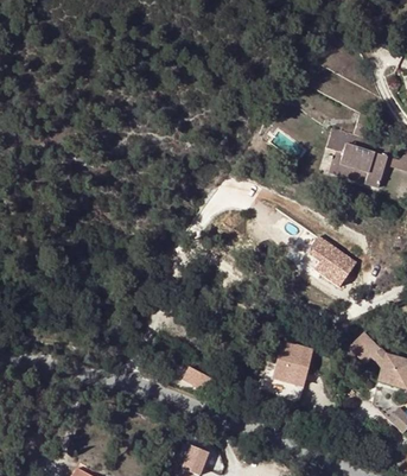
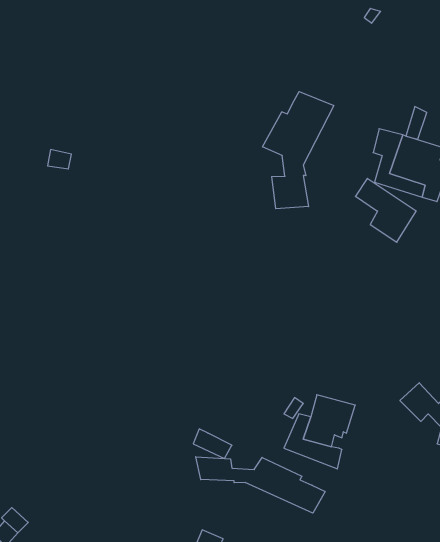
building: none -> [263,92,334,209]
building: [307,239,356,290] -> [355,178,416,242]
building: none -> [196,457,325,513]

